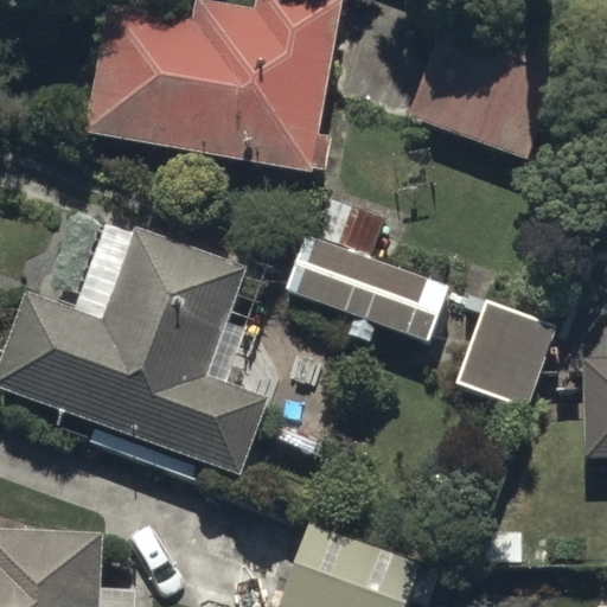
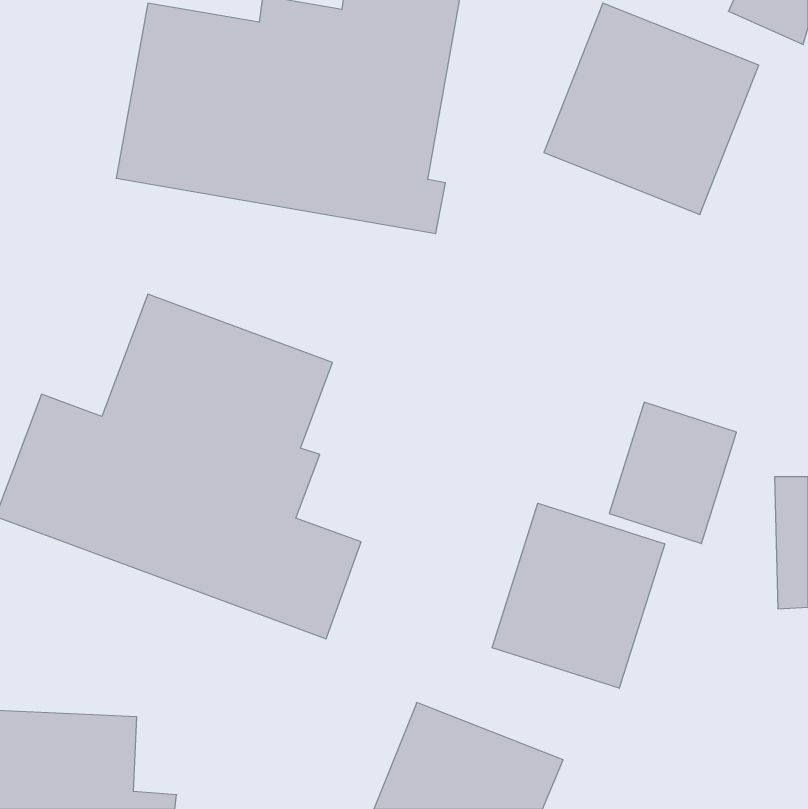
building: [286,197,449,343] -> none
building: none -> [492,503,665,688]

